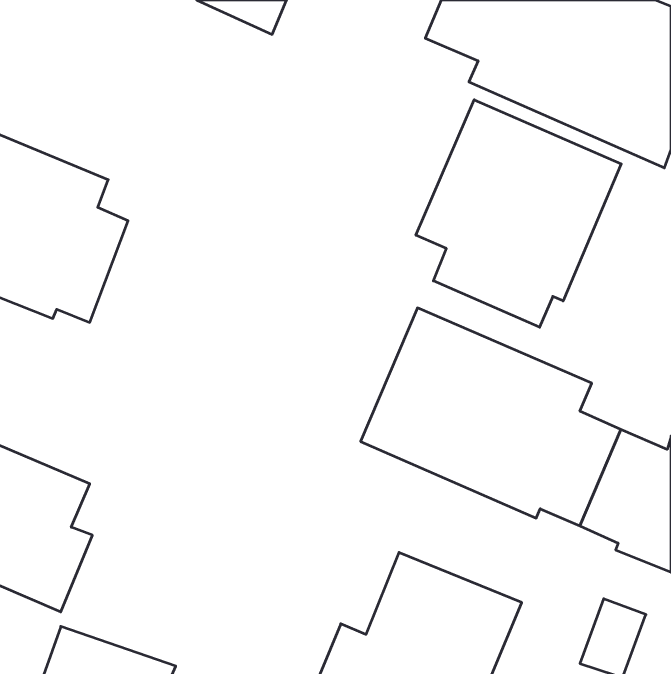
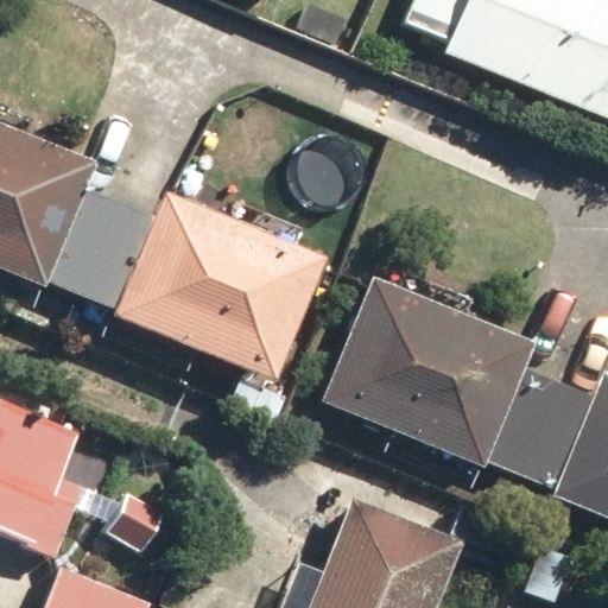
building: [416,100,621,327] -> none
building: none -> [81,186,330,381]

